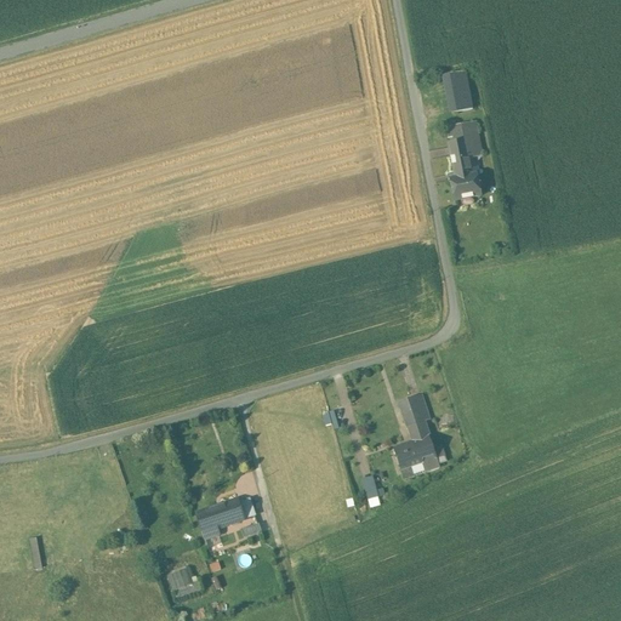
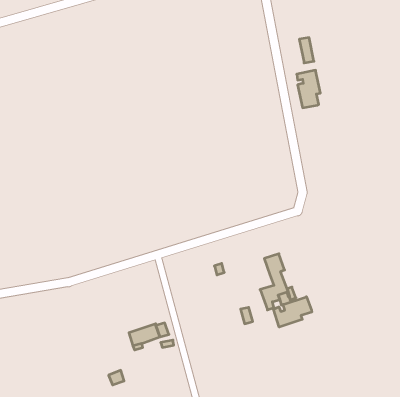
building: [449,172,480,199] -> none
building: none -> [273,297,312,327]

